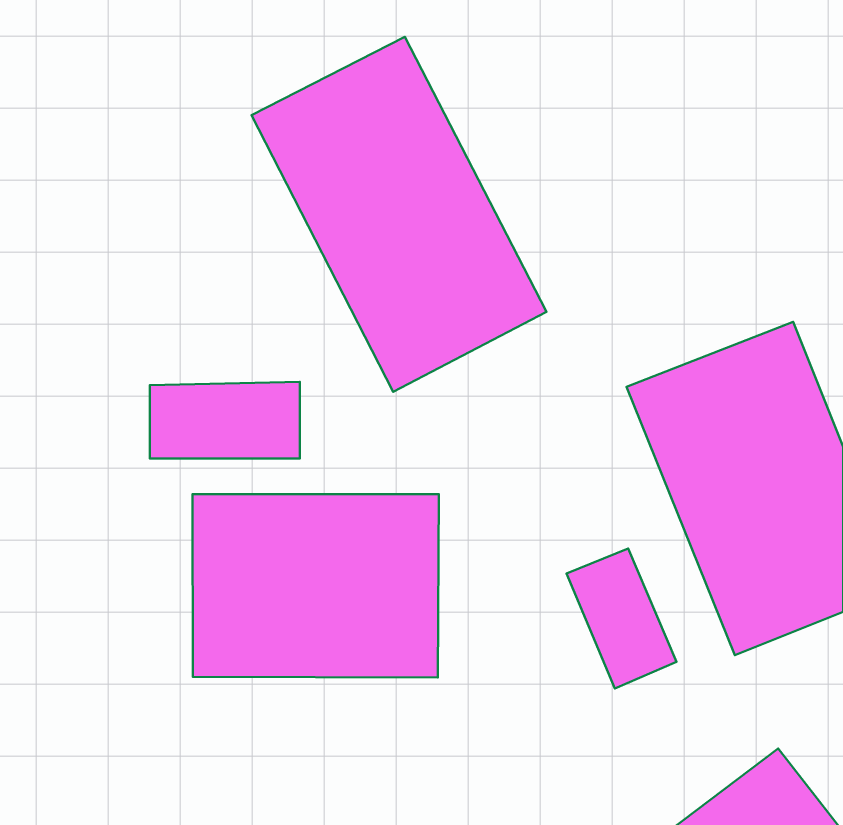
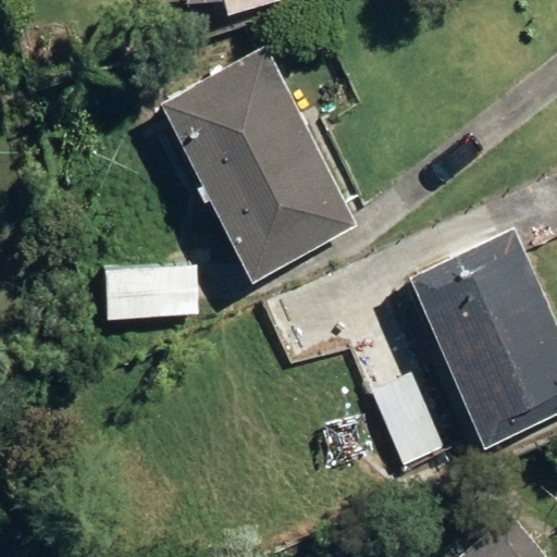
building: [193,494,439,678] -> none

